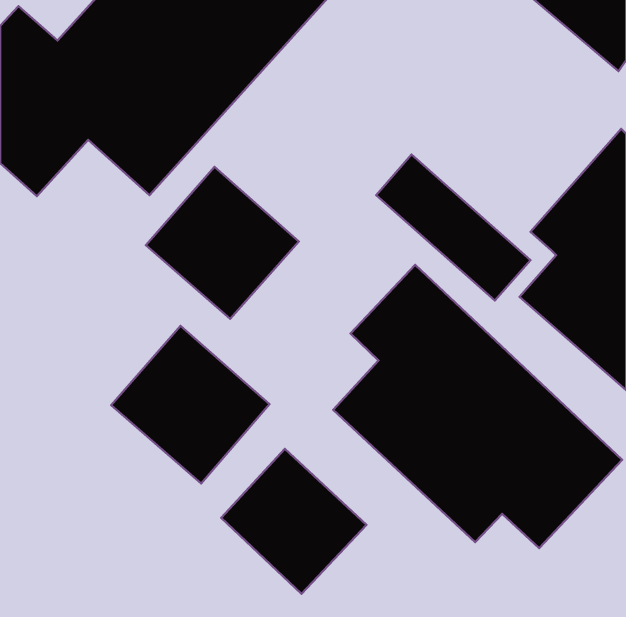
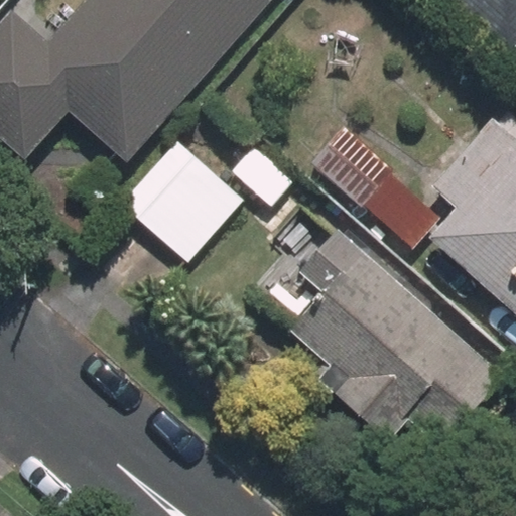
building: [111,326,270,484] -> none
building: [221,449,366,594] -> none

